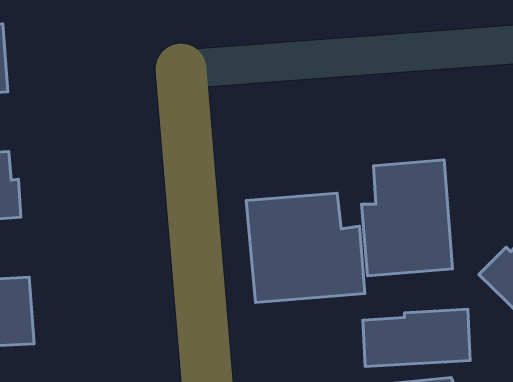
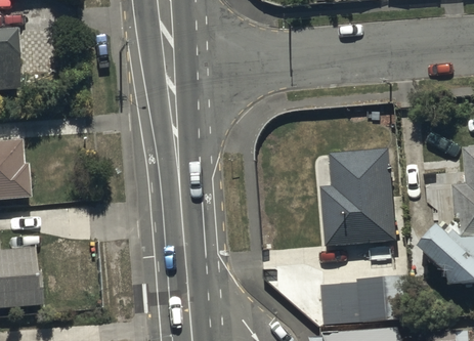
building: [246,193,365,303] -> none

